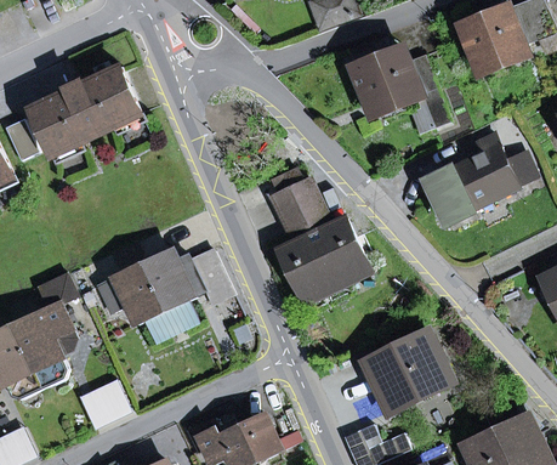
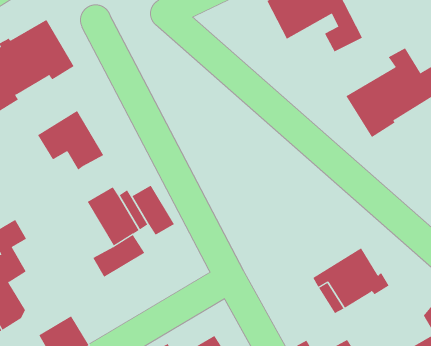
building: [272,178,325,231] -> none
building: [279,217,370,293] -> none
building: [98,261,166,324] -> [37,110,104,170]

